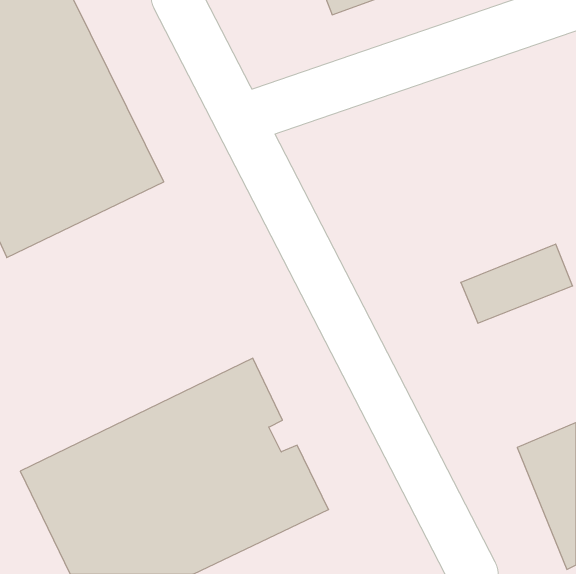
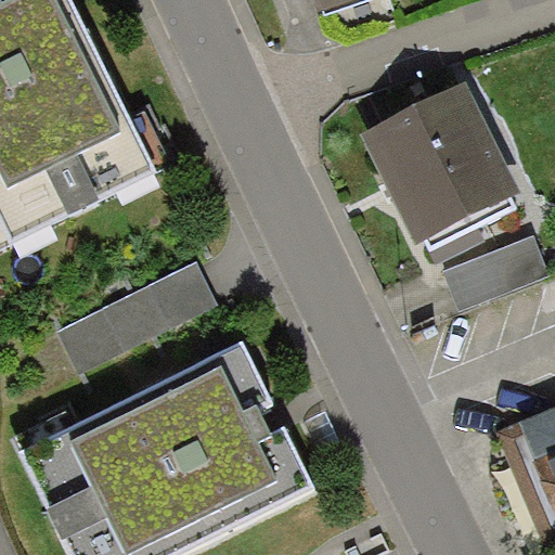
building: none -> [362,82,521,245]
building: none -> [60,259,220,372]

